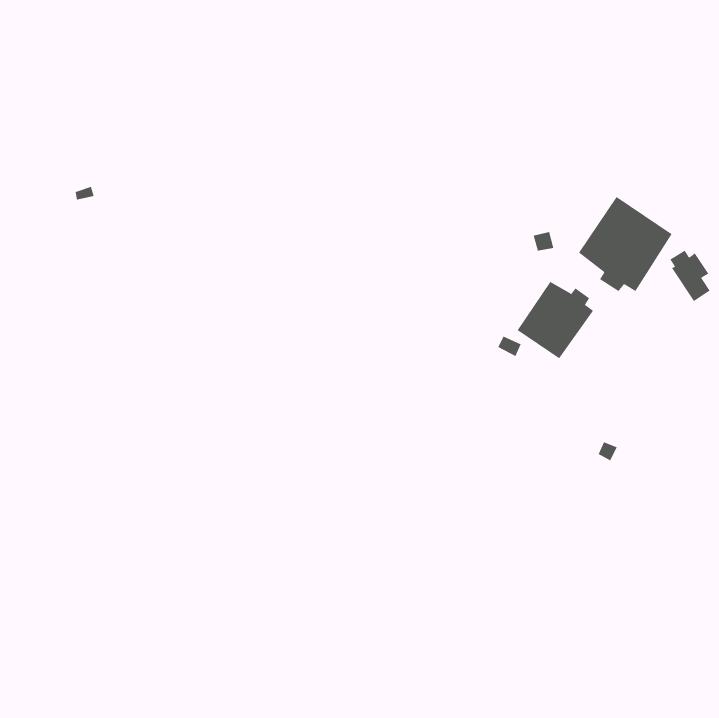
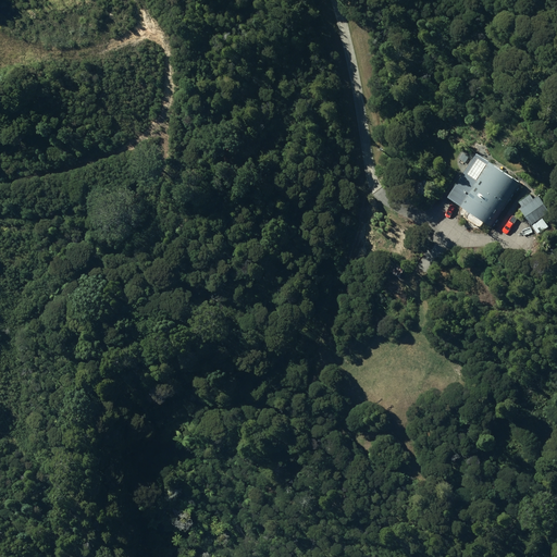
building: [517,281,594,359] -> none

